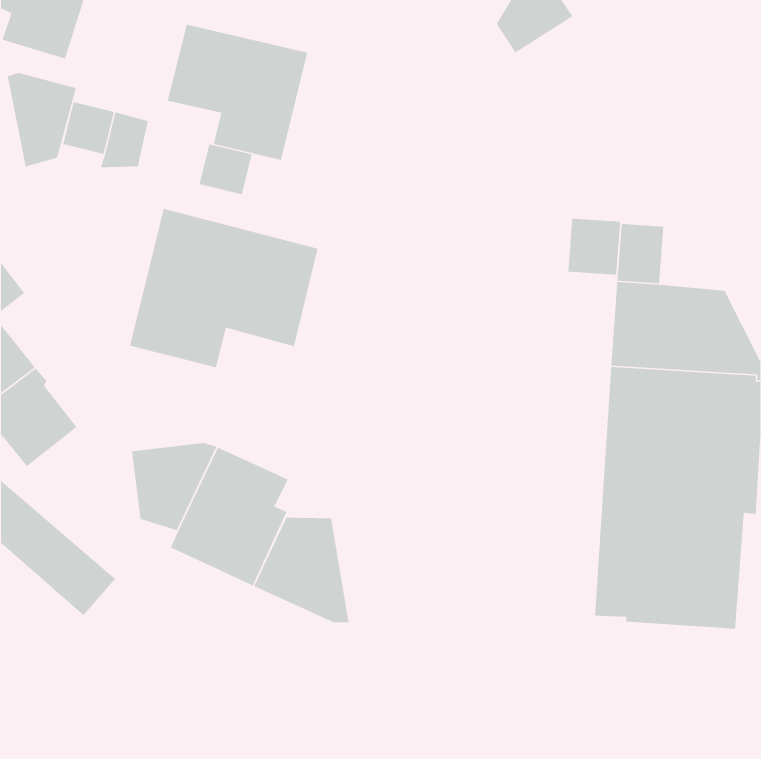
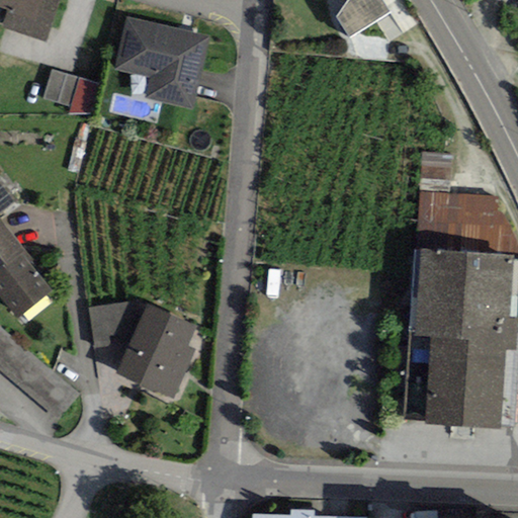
building: [7,72,77,168] -> none
building: [199,143,253,195] -> none
building: [129,208,318,368] -> none
building: [567,218,621,275] -> none
building: [253,517,349,623] -> none

